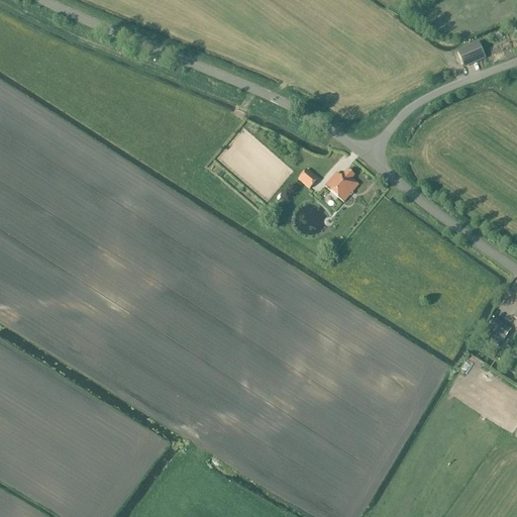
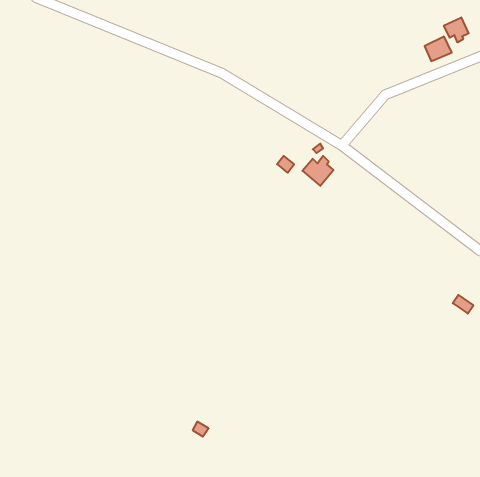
building: none -> [444,17,469,42]

